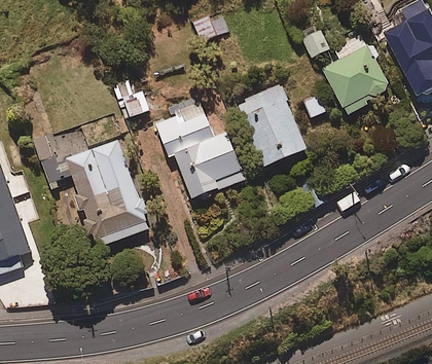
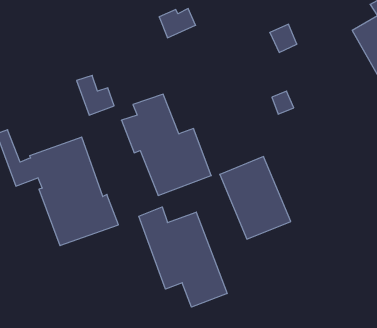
building: [322,33,392,114] -> none
building: [237,84,307,166] -> [220,157,291,239]
building: none -> [139,207,227,307]

